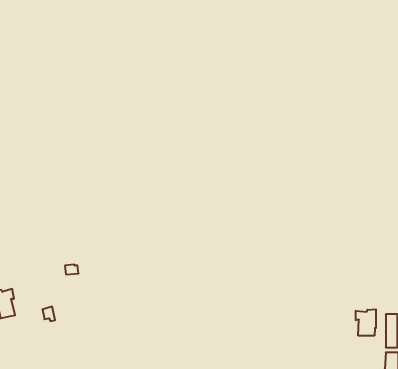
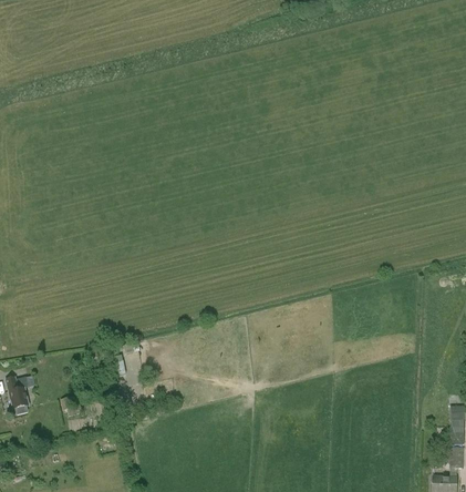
building: [356,309,376,336] -> none

